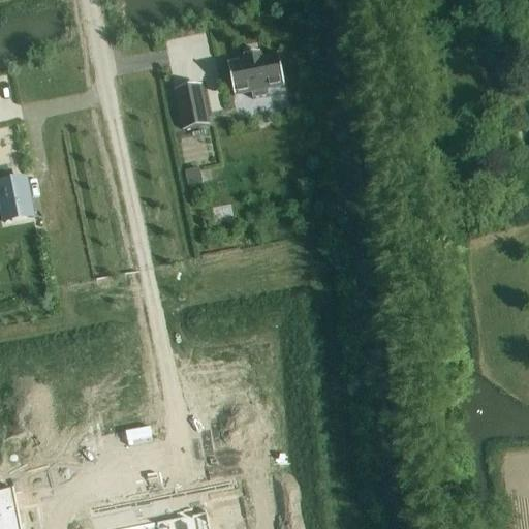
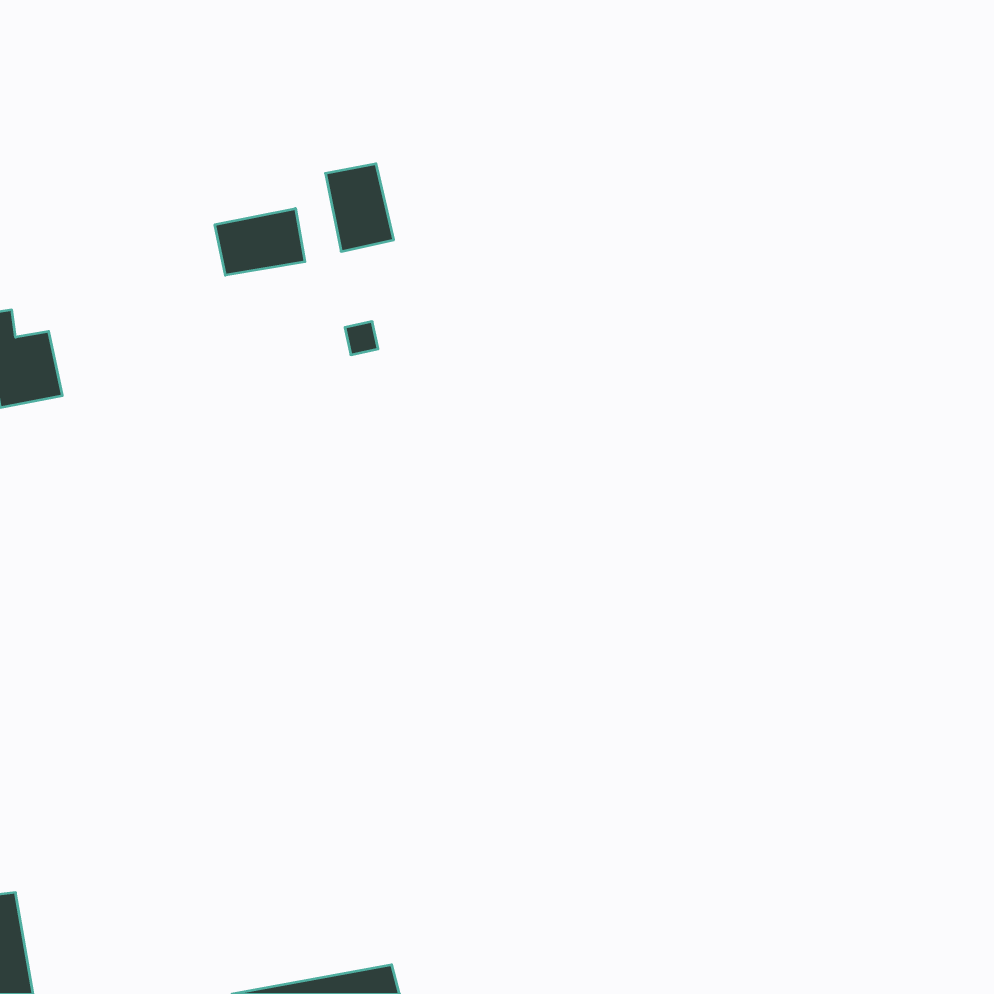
building: [226,51,284,98] -> none
building: none -> [215,208,305,275]

